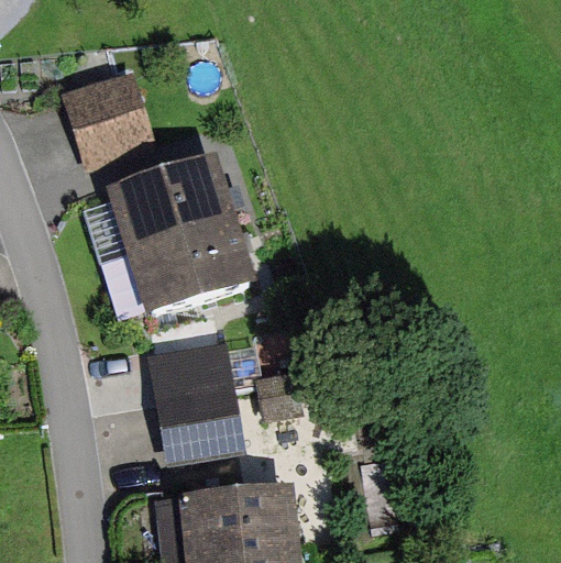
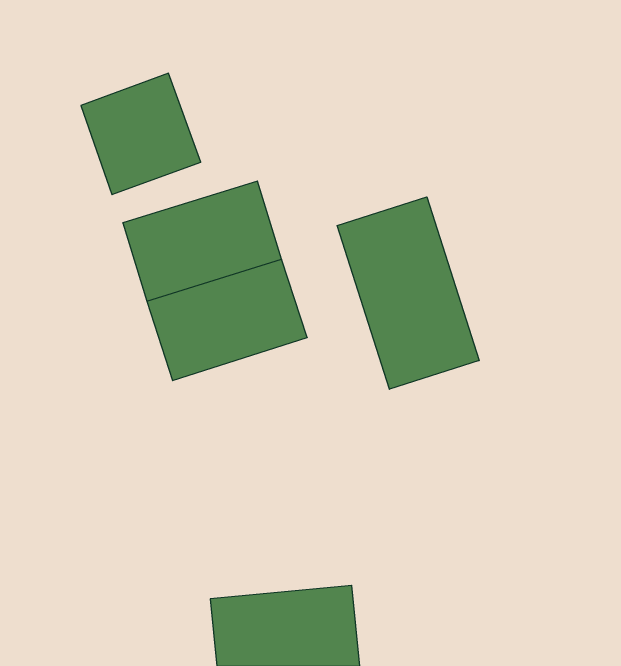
building: none -> [337,197,479,389]
building: [143,341,235,430] -> none

